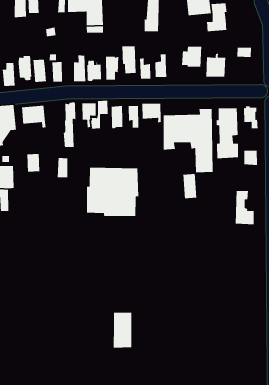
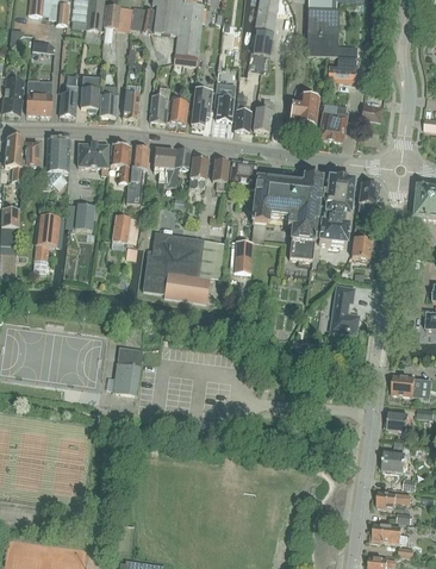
building: none -> [110,143,131,183]
building: [183,173,197,199] -> [233,239,253,273]
building: [113,312,132,349] -> [112,345,143,394]

